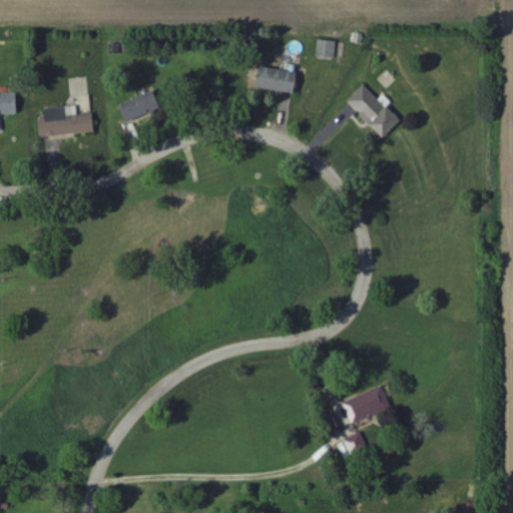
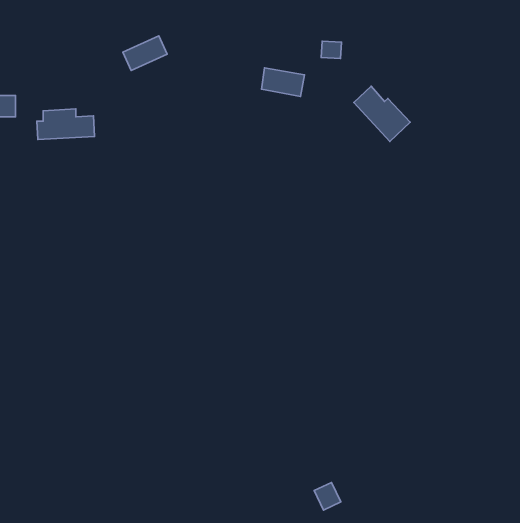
building: [116,90,159,124] -> [123,36,167,71]
building: [341,386,389,423] -> none
building: [341,431,367,458] -> [314,482,341,510]

